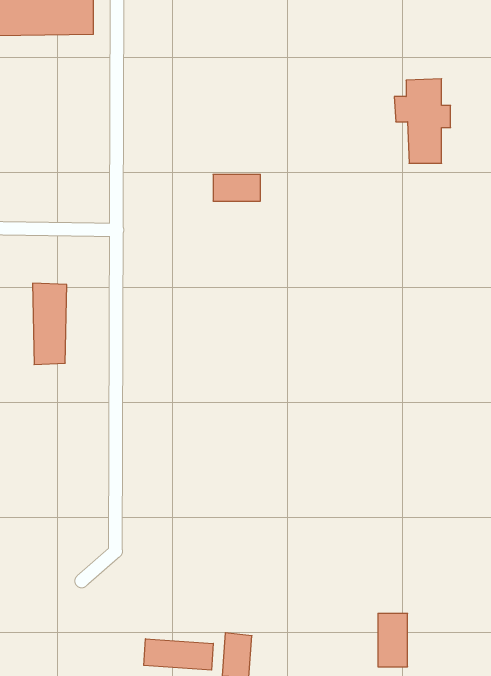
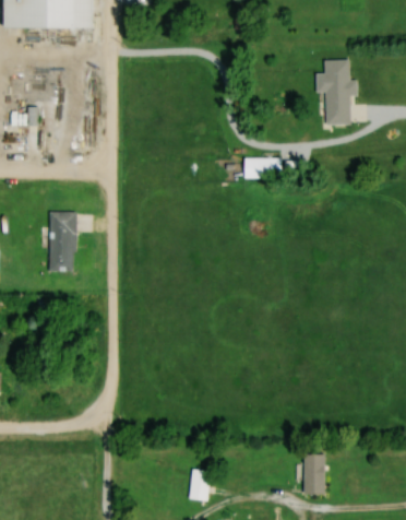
building: [213,174,260,201] -> [244,158,279,178]
building: [144,639,213,670] -> none

